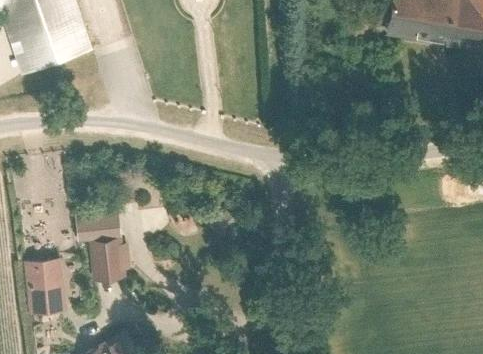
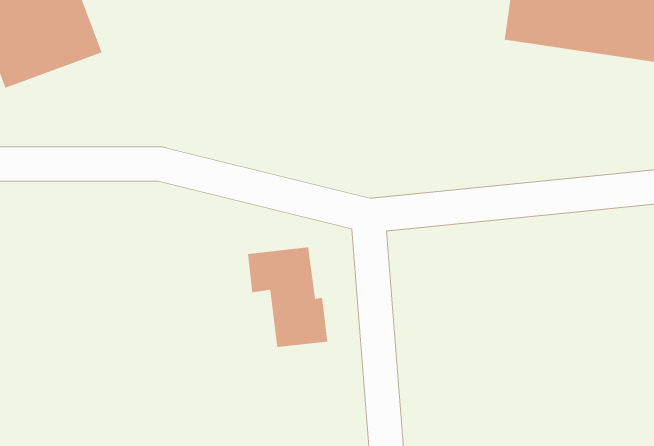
building: [74,207,132,279] -> [247,247,328,347]
building: [25,256,67,312] -> none

